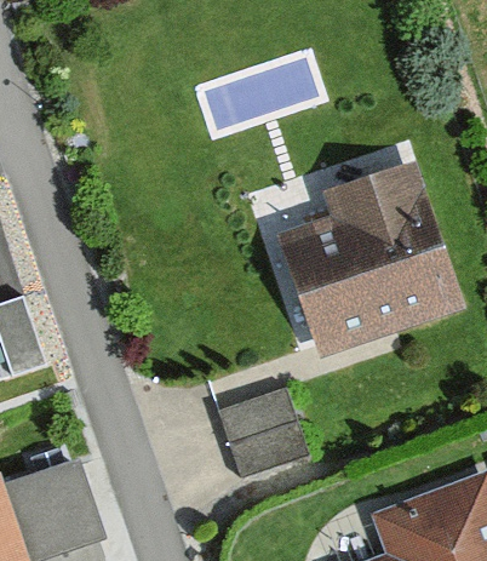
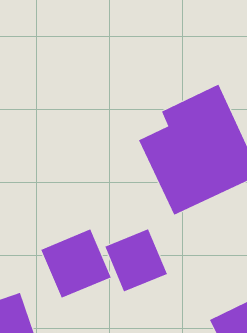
building: none -> [41,229,111,299]

